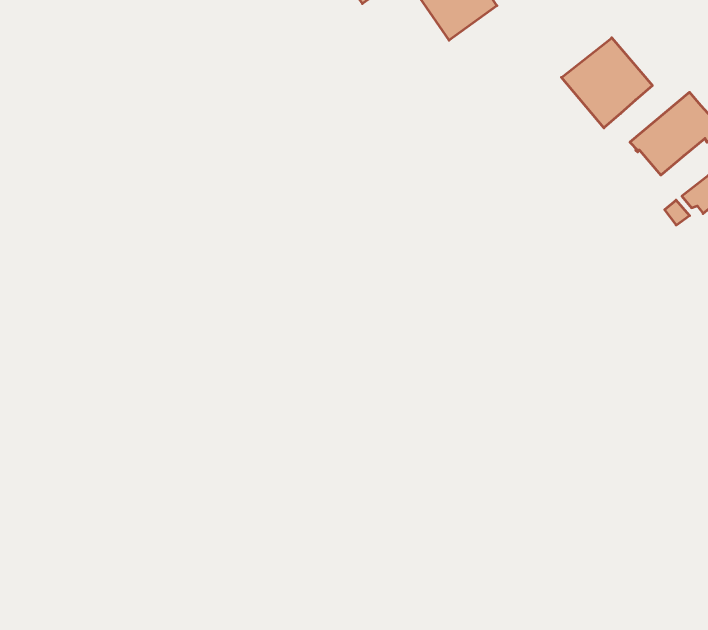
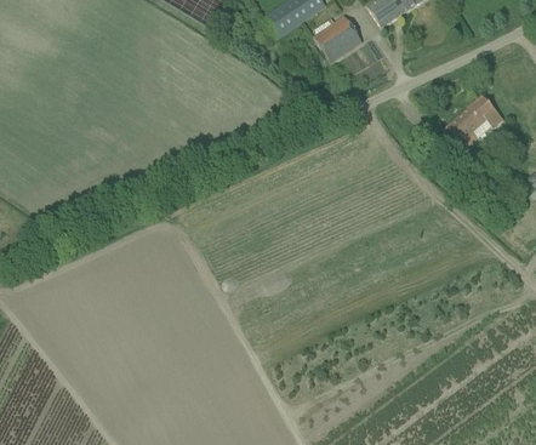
building: [561,38,652,128] -> none

